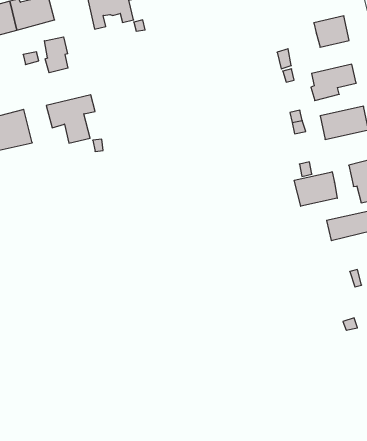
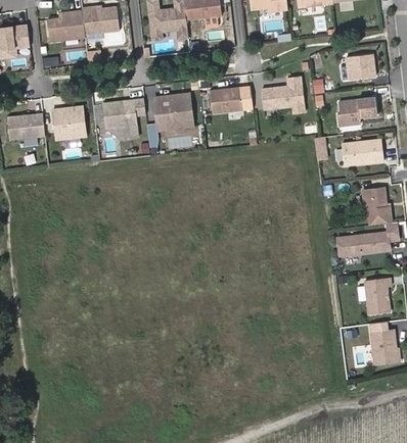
building: [44,37,68,73] -> none
building: none -> [261,75,304,111]
building: none -> [210,89,242,114]
building: none -> [152,94,191,131]
building: [294,172,337,206] -> none

